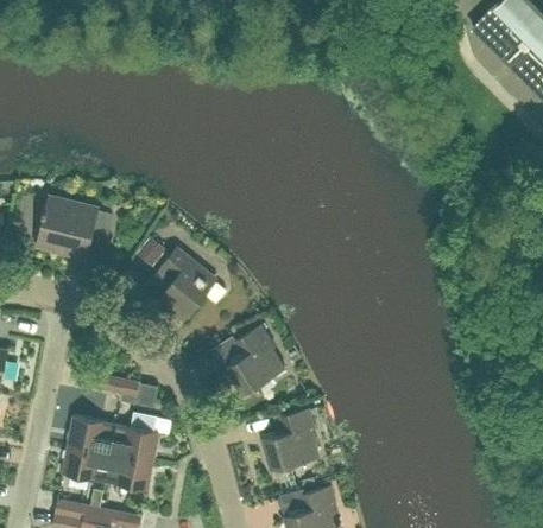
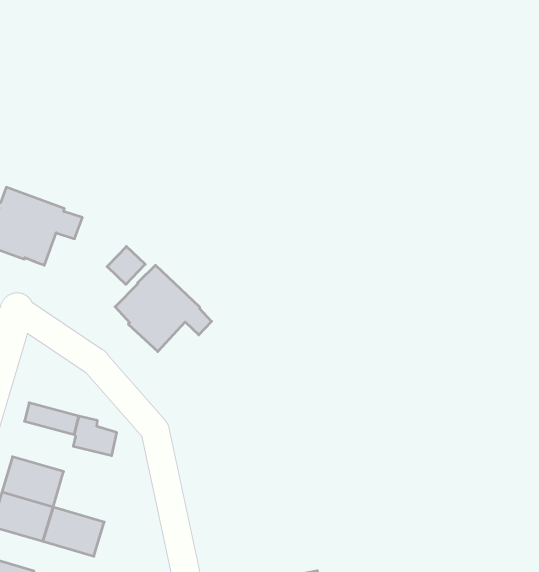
building: [225,324,284,395] -> none
building: [261,408,318,470] -> none
building: [109,413,158,462] -> none

